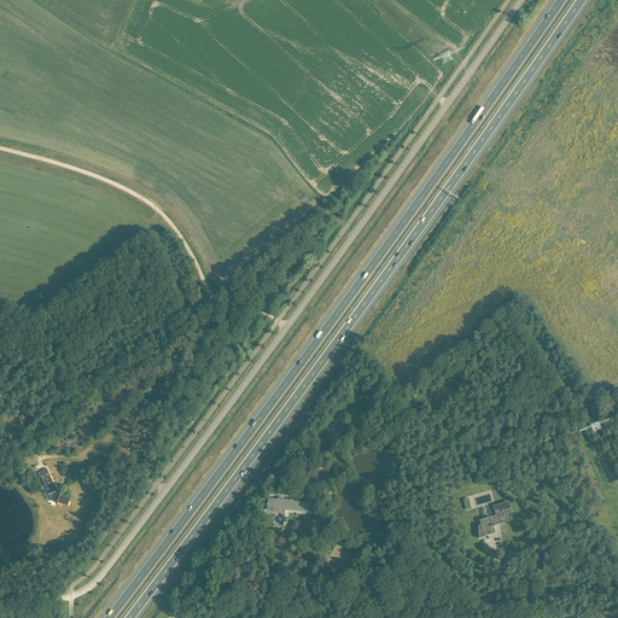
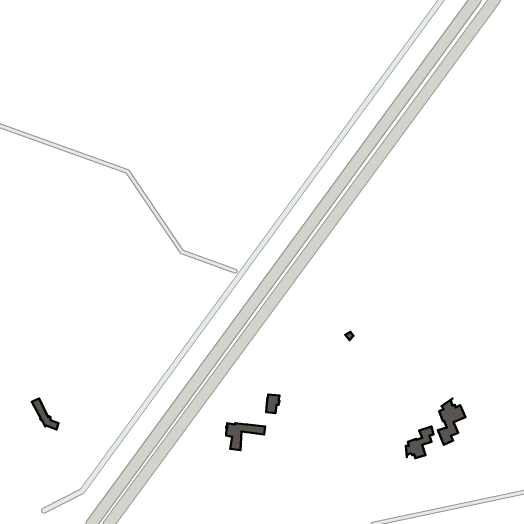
building: none -> [438,398,465,445]

